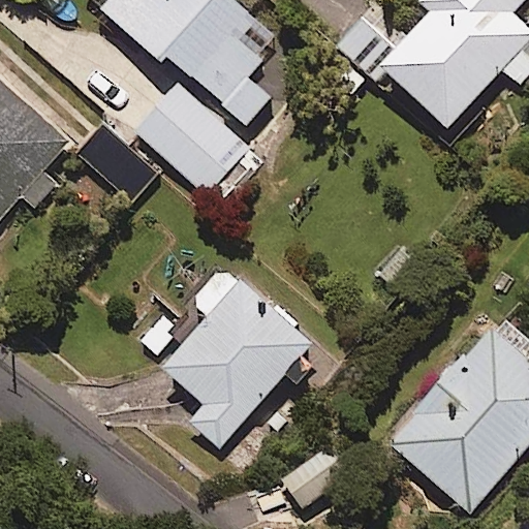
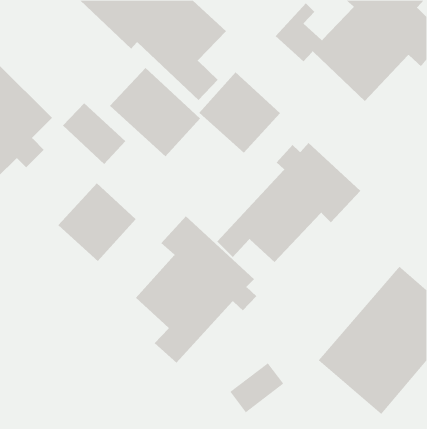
building: none -> [199,72,281,154]
building: none -> [216,142,361,263]
building: none -> [57,183,136,262]

